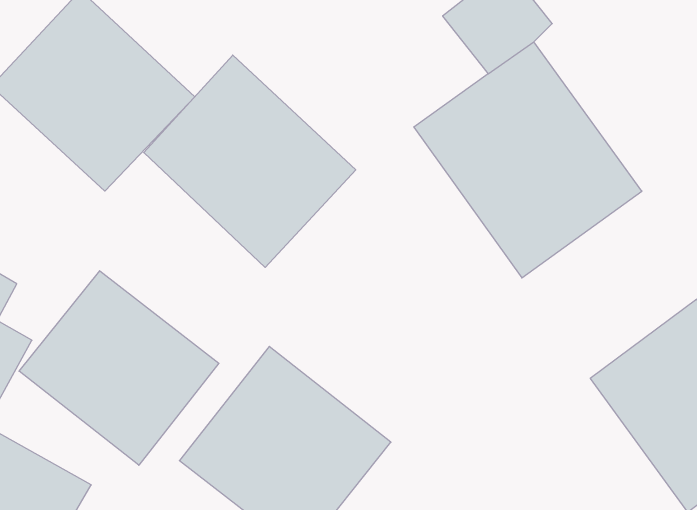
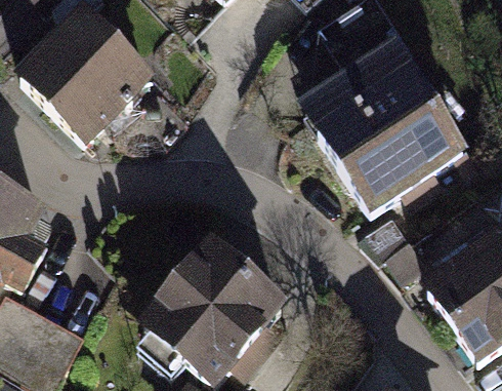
building: [144,55,356,267] -> none
building: [19,271,219,465] -> none

